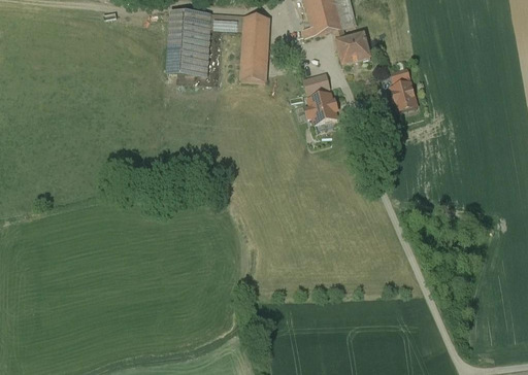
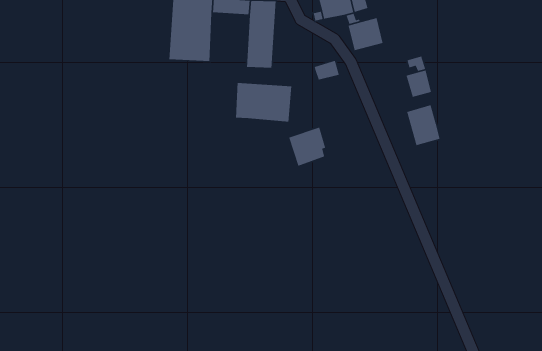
building: [306,89,342,127] -> [288,126,326,167]
building: none -> [235,82,292,122]
building: none -> [406,104,441,146]

